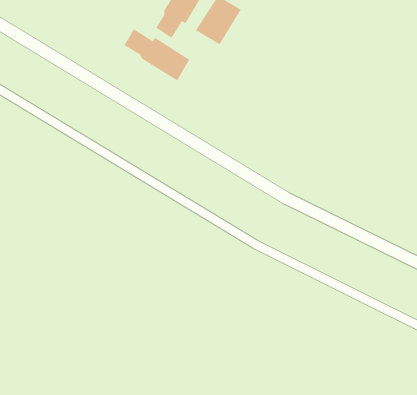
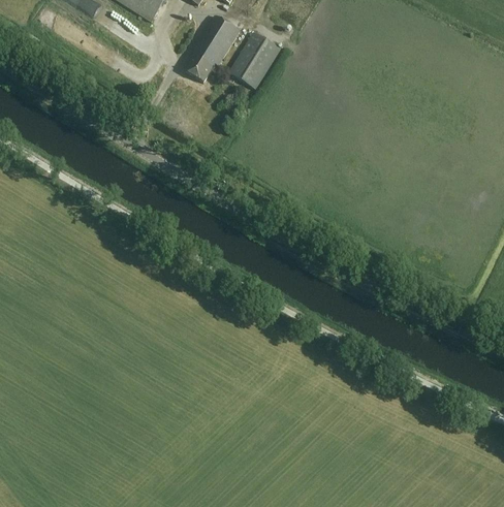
building: [124,28,190,81] -> none

